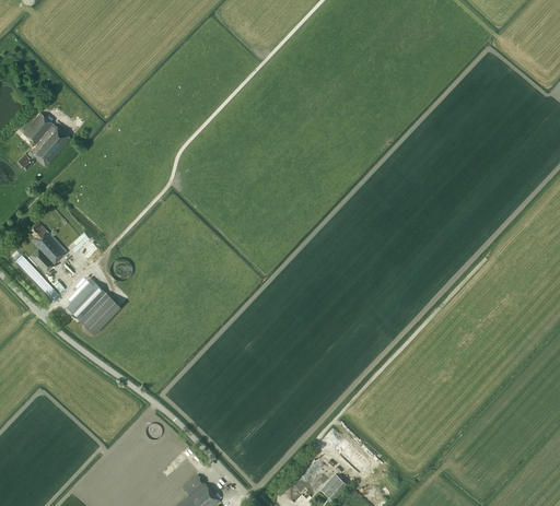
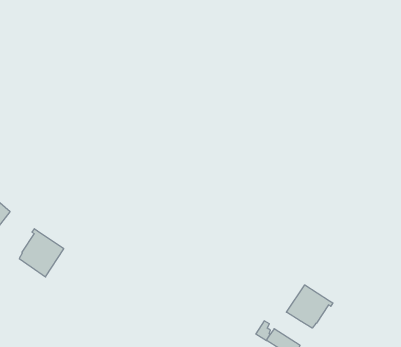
building: none -> [286,285,333,328]

